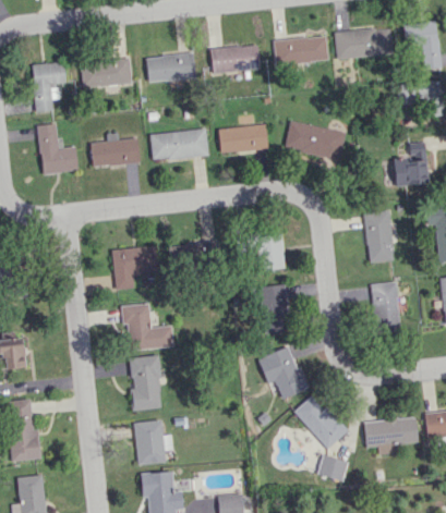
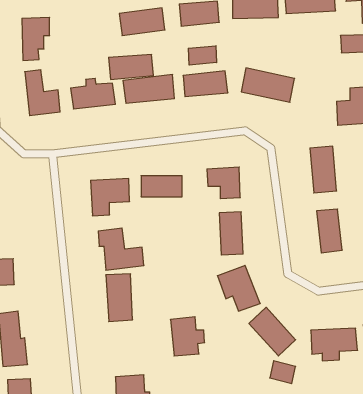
building: [81,60,132,88] -> [109,55,153,79]
building: none -> [188,46,217,65]
building: [133,420,172,465] -> [170,317,205,356]

